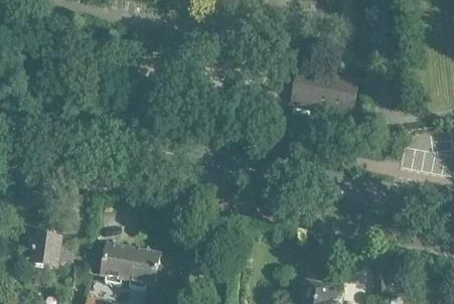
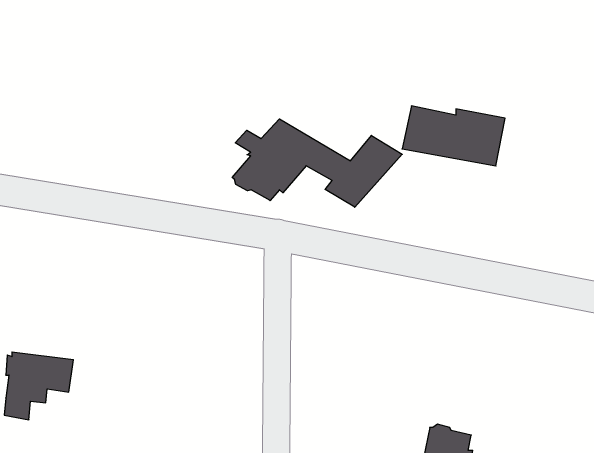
building: none -> [232,119,402,207]
building: [89,245,159,284] -> none

